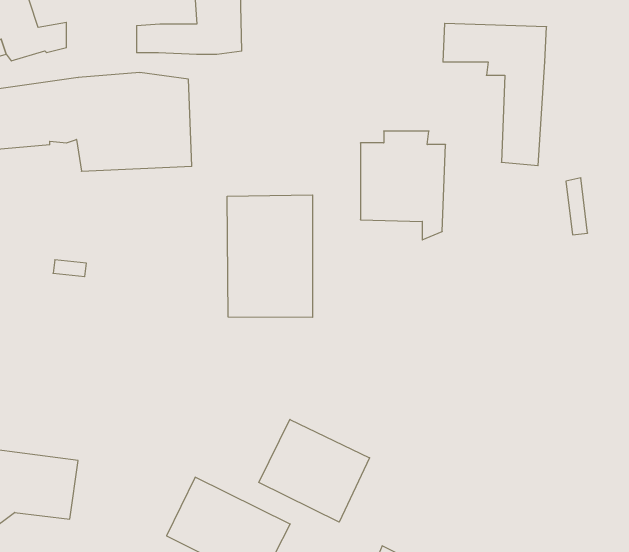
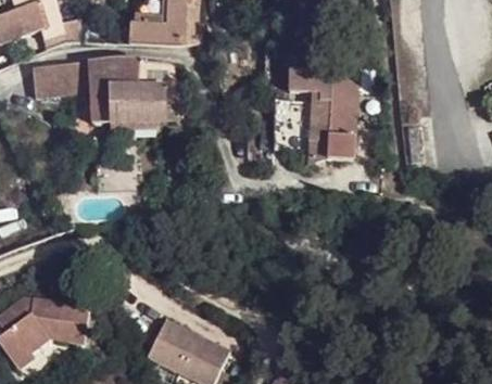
building: [443,23,547,166] -> [289,68,356,161]
building: [227,195,313,317] -> none
building: [259,419,370,522] -> none

